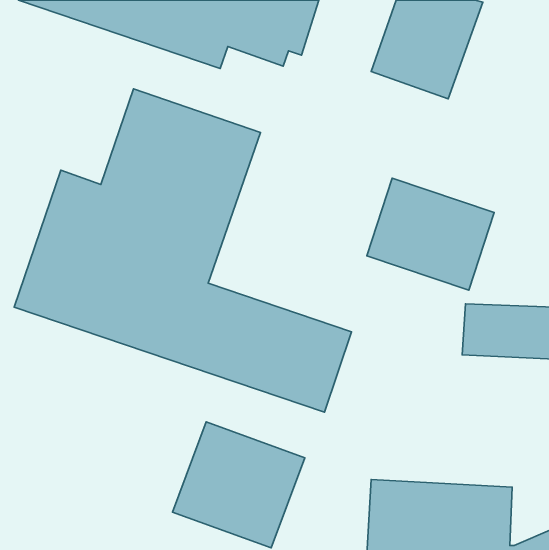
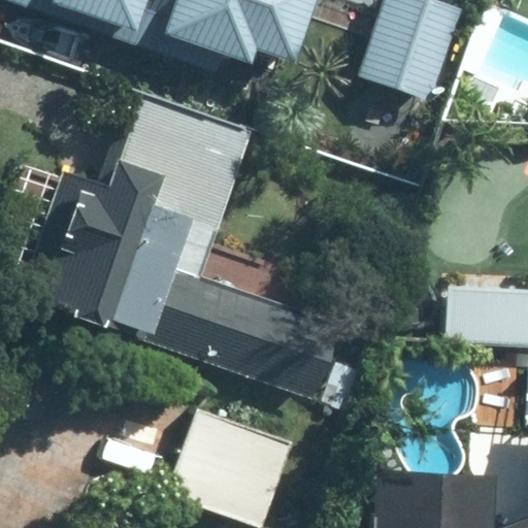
building: [367,178,494,290] -> none

